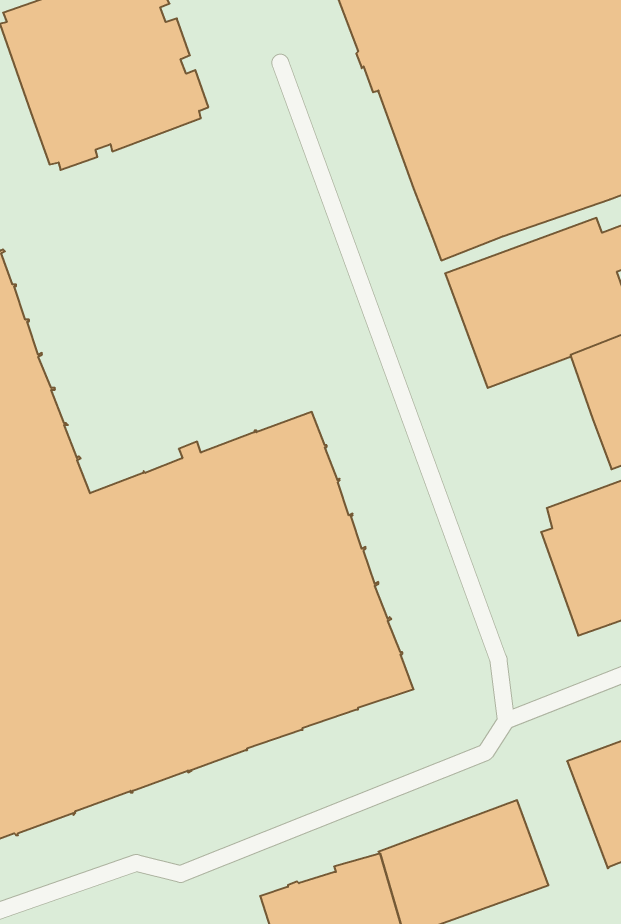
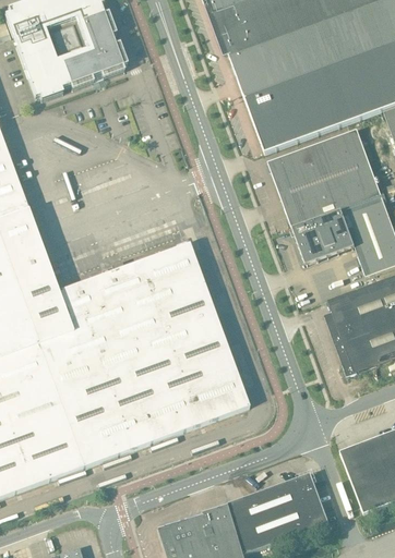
building: none -> [292,210,355,265]

